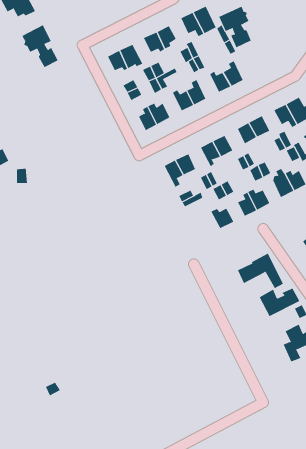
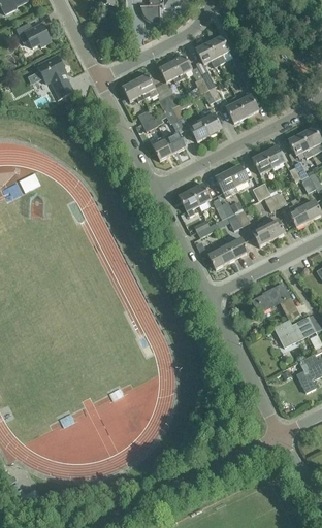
building: [218,6,251,48] -> none
building: none -> [206,241,234,269]

